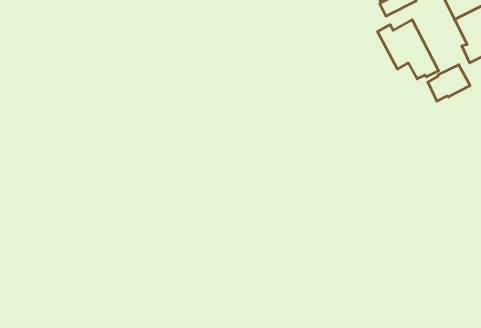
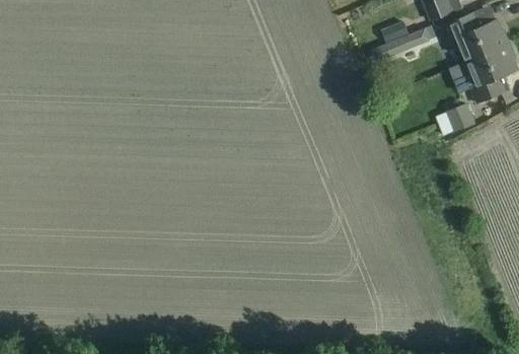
building: [378,20,439,79] -> none

